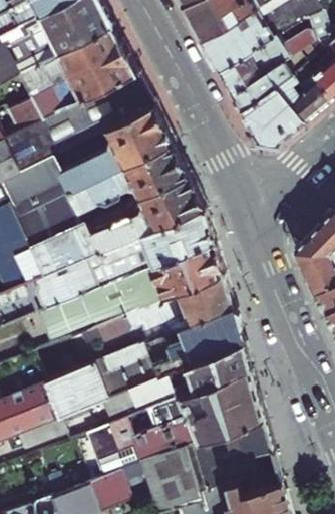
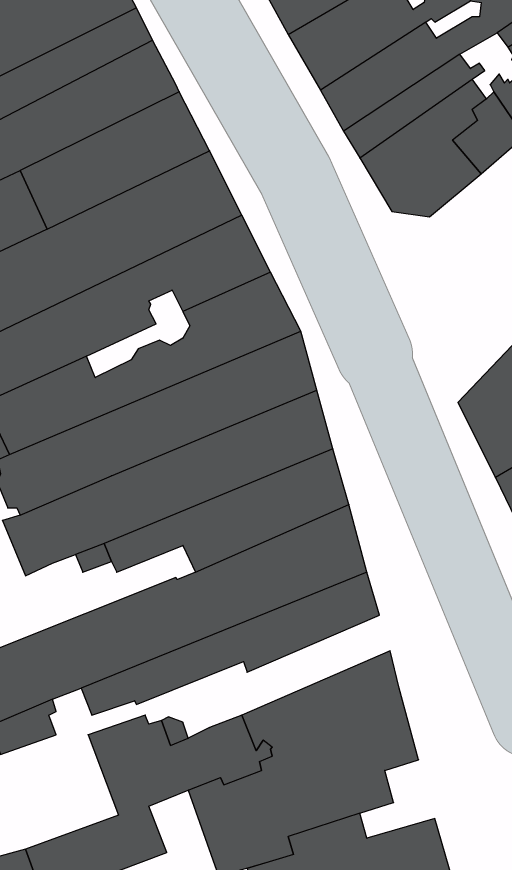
building: [144,367,254,431] -> none
building: [237,449,279,493] -> none

